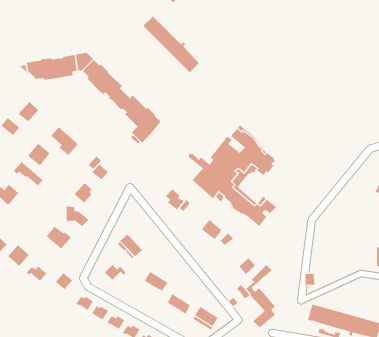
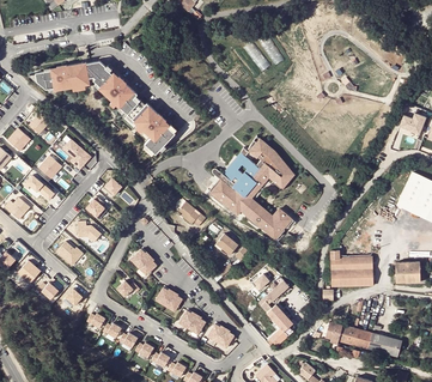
building: [142,15,199,73] -> none
building: none -> [331,256,373,287]

